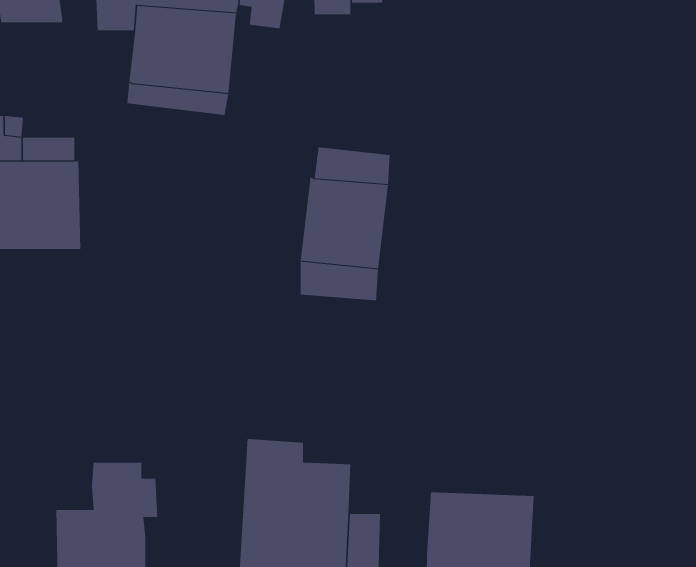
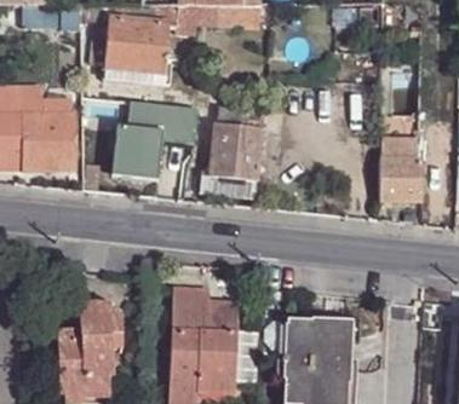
building: none -> [111,100,197,180]
building: none -> [380,139,421,200]

